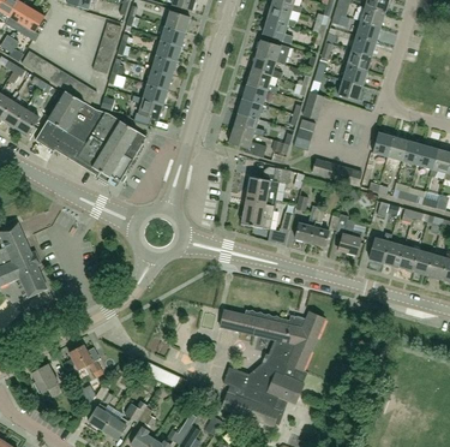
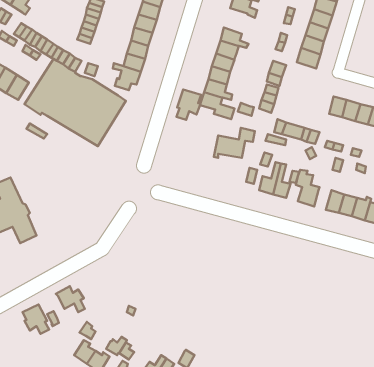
building: [256,40,290,64] -> none
building: none -> [176,90,201,120]
building: [240,196,276,230] -> none
building: [220,309,325,425] -> none

